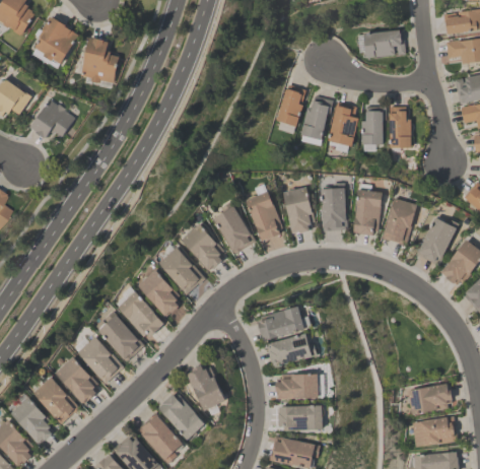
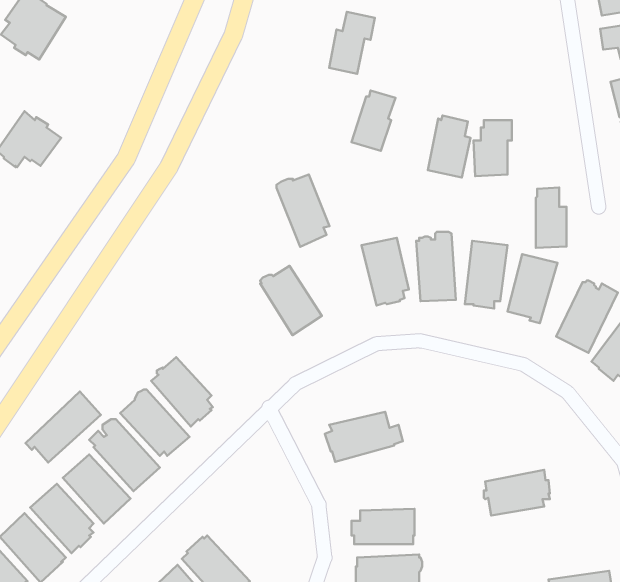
building: [362,29,405,57] -> none
building: [79,38,119,83] -> none
building: [301,95,333,138] -> [329,12,375,74]
building: [389,106,410,147] -> [536,188,567,248]
building: [246,192,282,242] -> [277,175,330,247]
building: [181,223,223,270] -> none
building: [157,247,204,294] -> none
building: none -> [25,391,101,462]
building: [266,333,317,368] -> none
building: [187,364,225,410] -> none
building: [406,383,452,414] -> [484,470,550,515]

